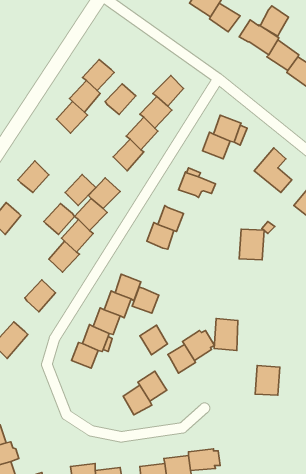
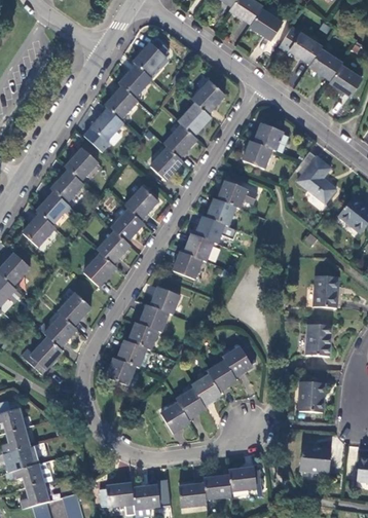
building: [260,6,289,36] -> none
building: [105,84,136,115] -> [134,43,165,75]
building: [65,175,96,205] -> [66,148,98,180]
building: none -> [207,197,235,226]
building: [44,204,74,234] -> [37,192,69,224]
building: [239,229,264,260] -> [312,275,338,307]
building: [132,287,159,313] -> [174,252,201,279]
building: none -> [38,314,76,346]
building: [214,319,238,350] -> [305,323,330,356]
building: [140,325,168,355] -> [191,373,220,404]
building: none -> [298,445,330,472]

